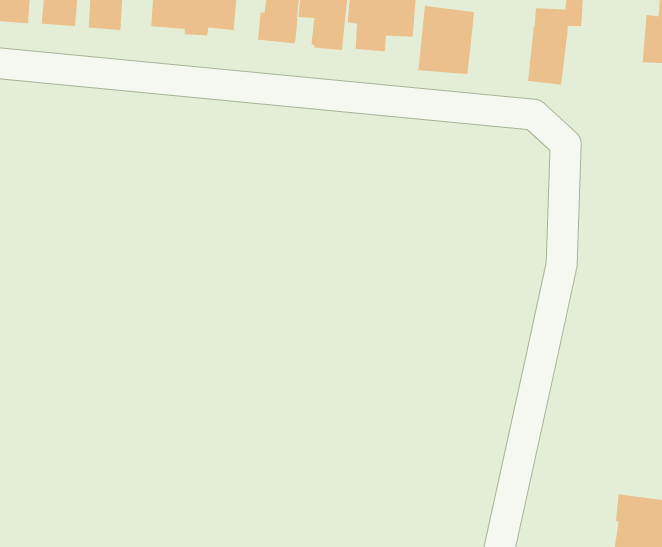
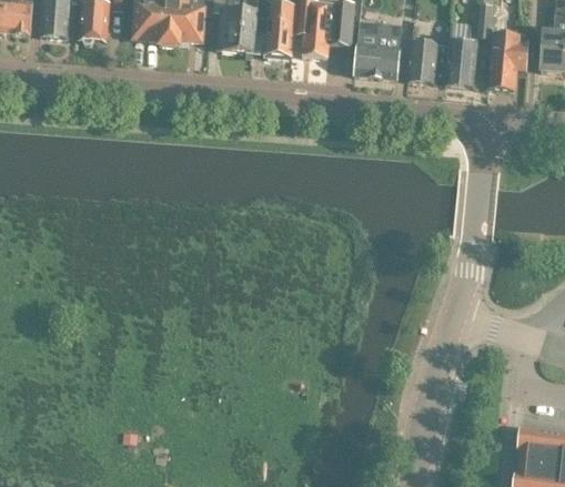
building: none -> [490,29,529,91]
building: none -> [407,35,450,83]

